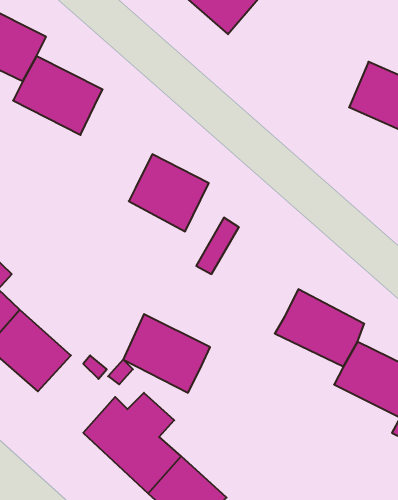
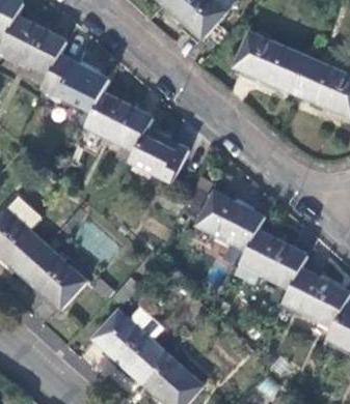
building: none -> [234,34,308,93]
building: none -> [85,92,151,153]
building: [123,314,210,393] -> [196,192,262,251]

